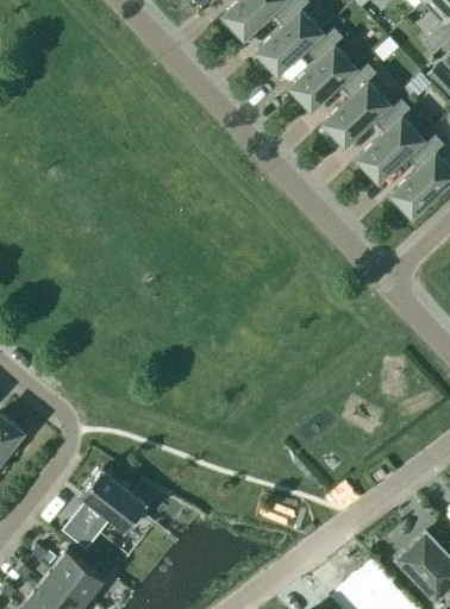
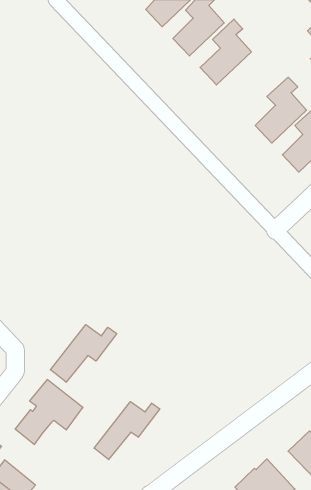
building: [324,63,388,144] -> none
building: none -> [50,325,117,382]
building: none -> [94,402,160,460]
building: [50,550,104,599] -> none

